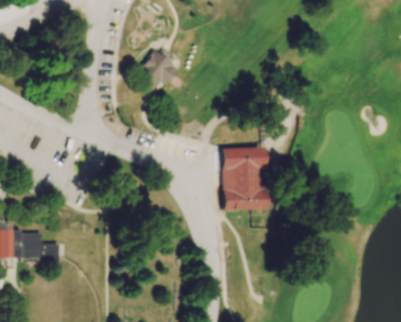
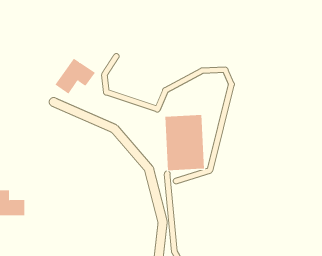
building: [135,51,181,92] -> [55,58,96,94]

